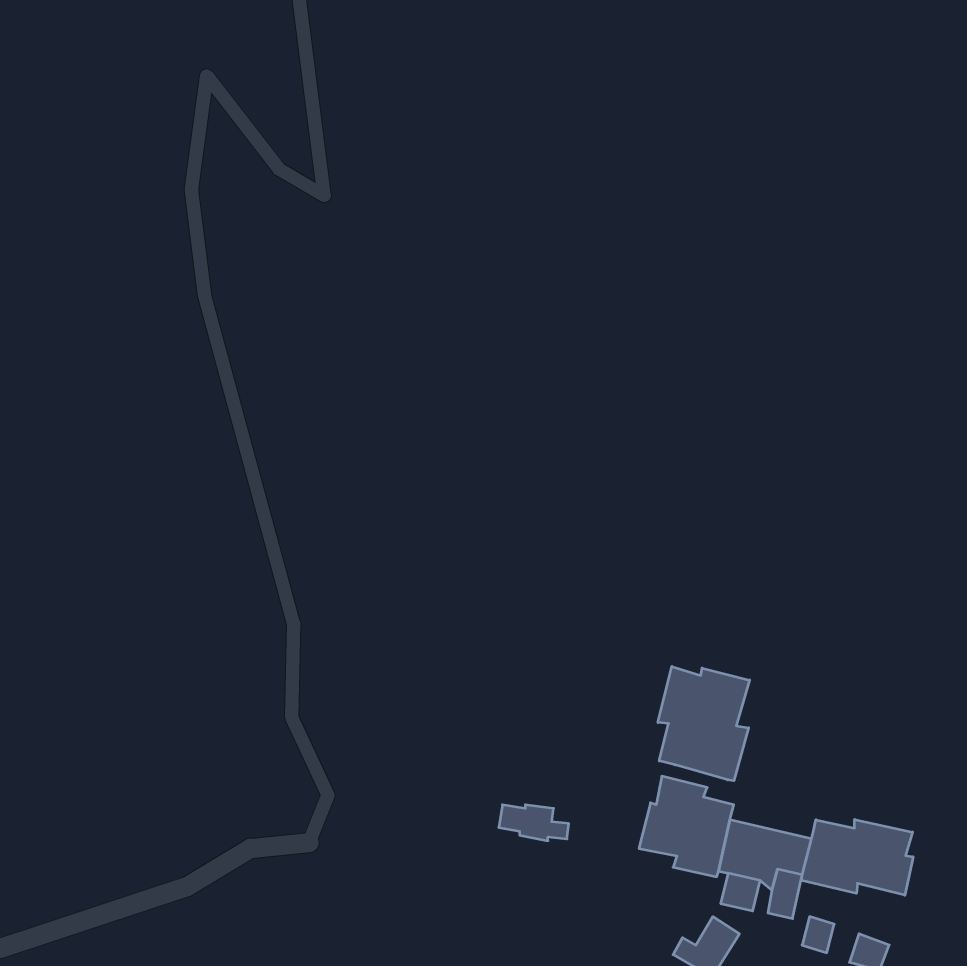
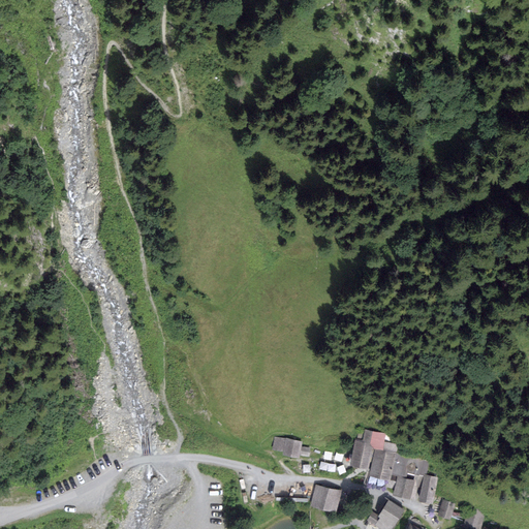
building: [658,666,750,781] -> none
building: [802,819,913,895] -> none
building: none -> [310,486,340,511]

